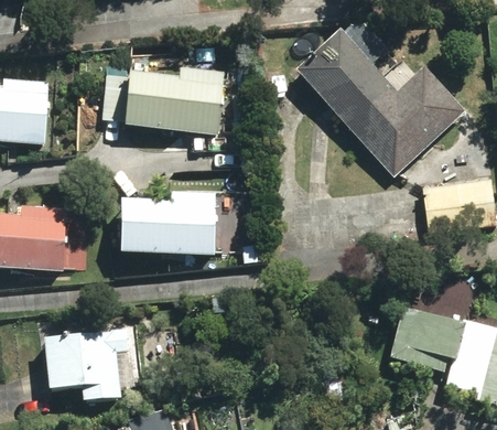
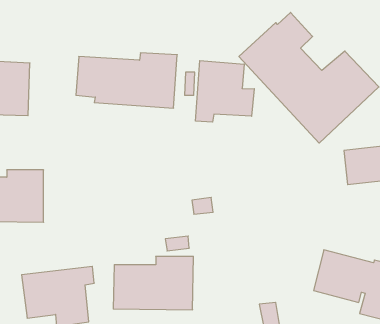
building: none -> [196,61,254,122]
building: [121,194,217,258] -> [113,256,193,310]

